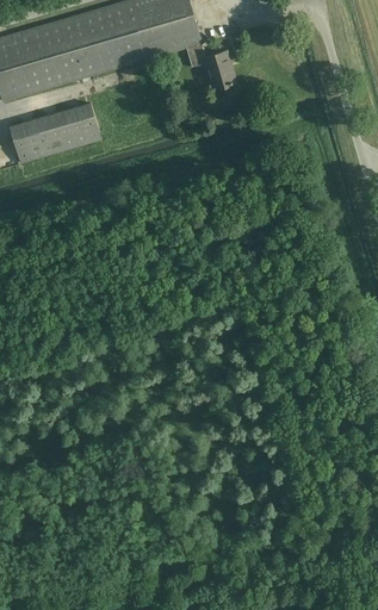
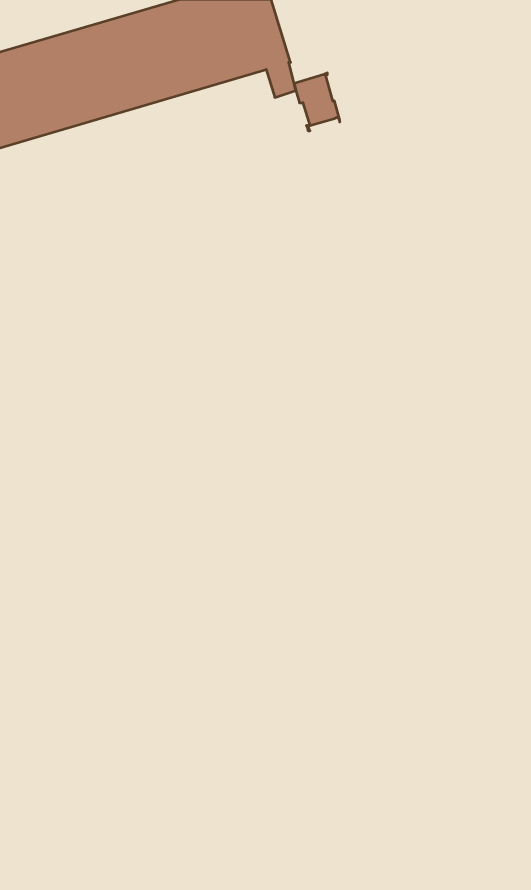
building: [10,102,100,162] -> none

